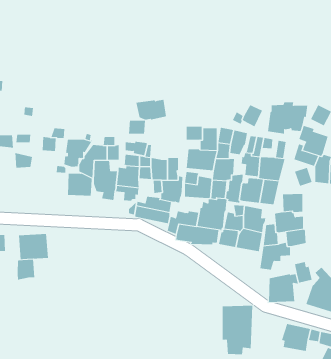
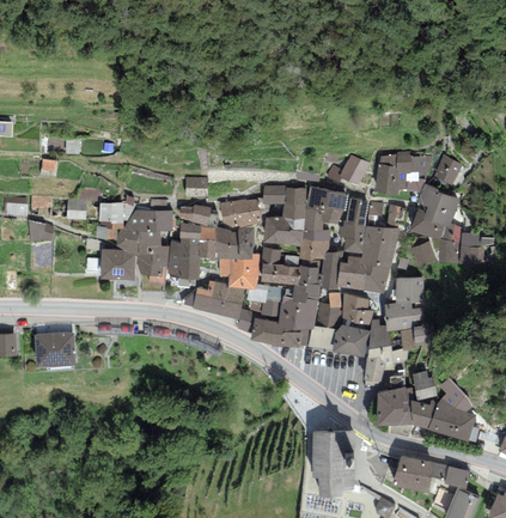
building: [135,99,167,120] -> [219,197,262,226]
building: none -> [246,282,287,303]
building: [17,259,35,280] -> none
building: none -> [410,398,438,428]

